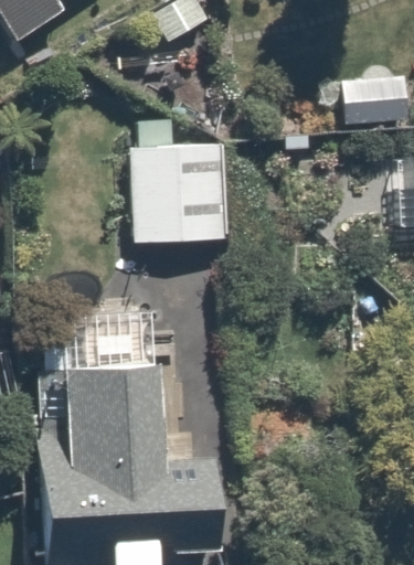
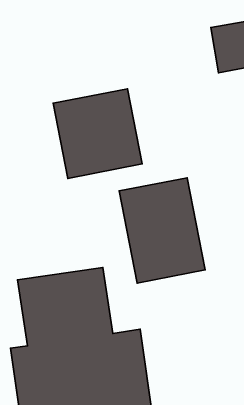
building: none -> [119,178,205,283]

